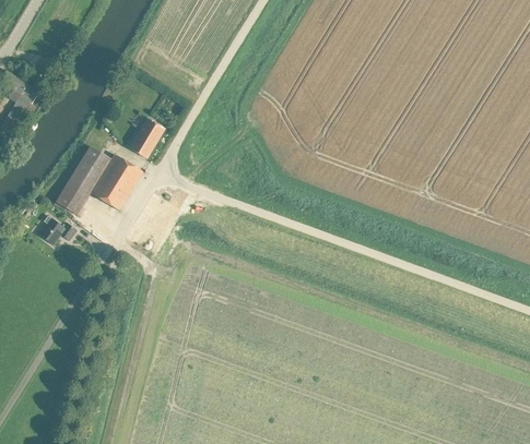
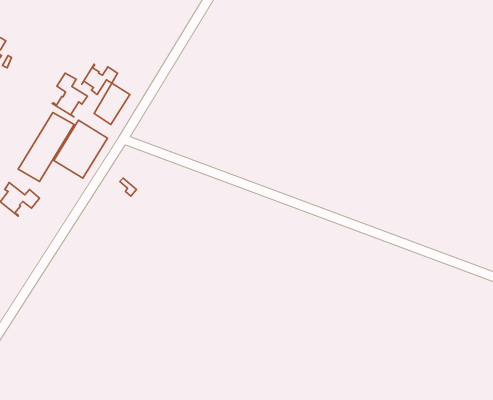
building: none -> [82,64,118,95]
building: none -> [52,73,87,117]

